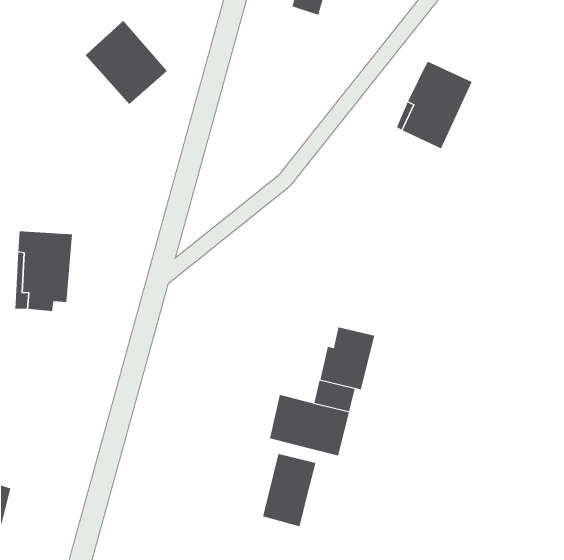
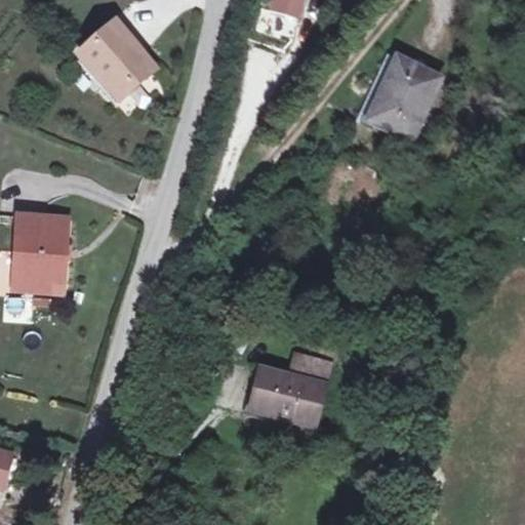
building: [320,326,375,390] -> none
building: [263,453,316,527] -> none

